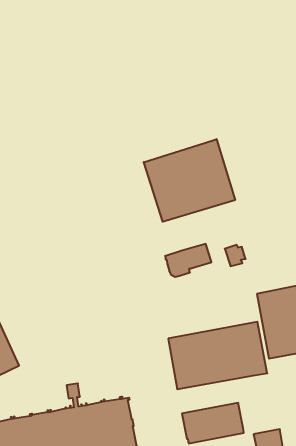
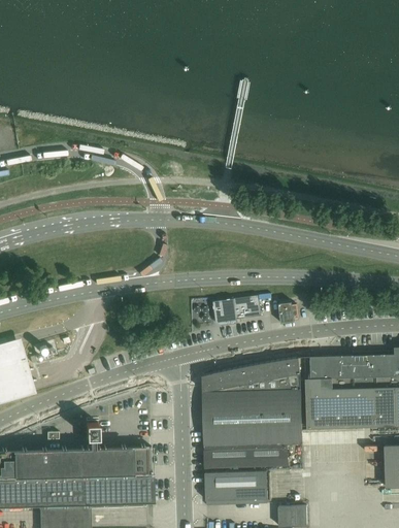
building: [144,139,235,222] -> none
building: none -> [202,358,300,391]
building: none -> [203,444,288,472]

